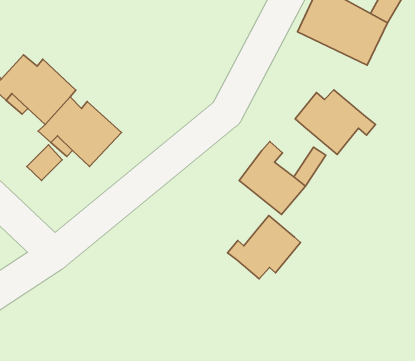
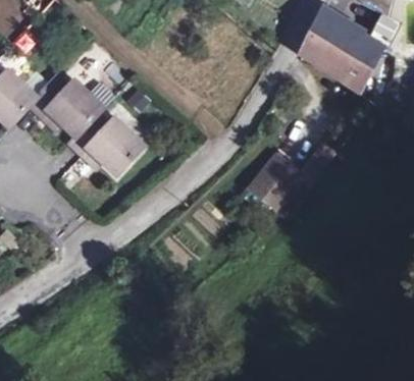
building: [295,90,376,154] -> none
building: [228,216,300,279] -> none

